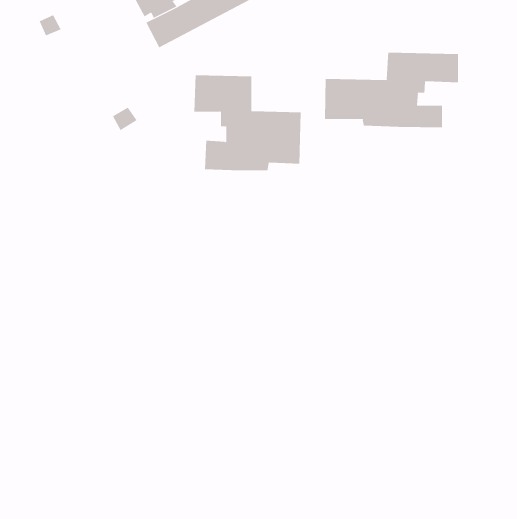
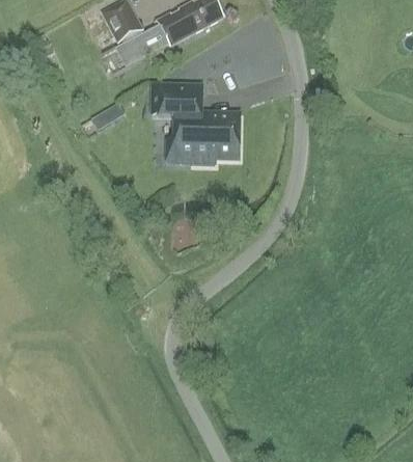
building: [324,52,459,128] -> none

